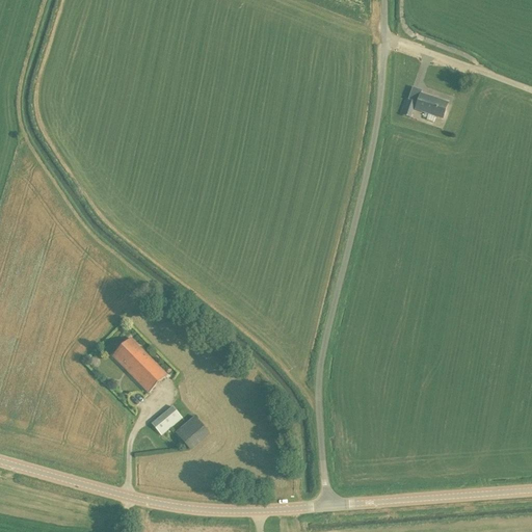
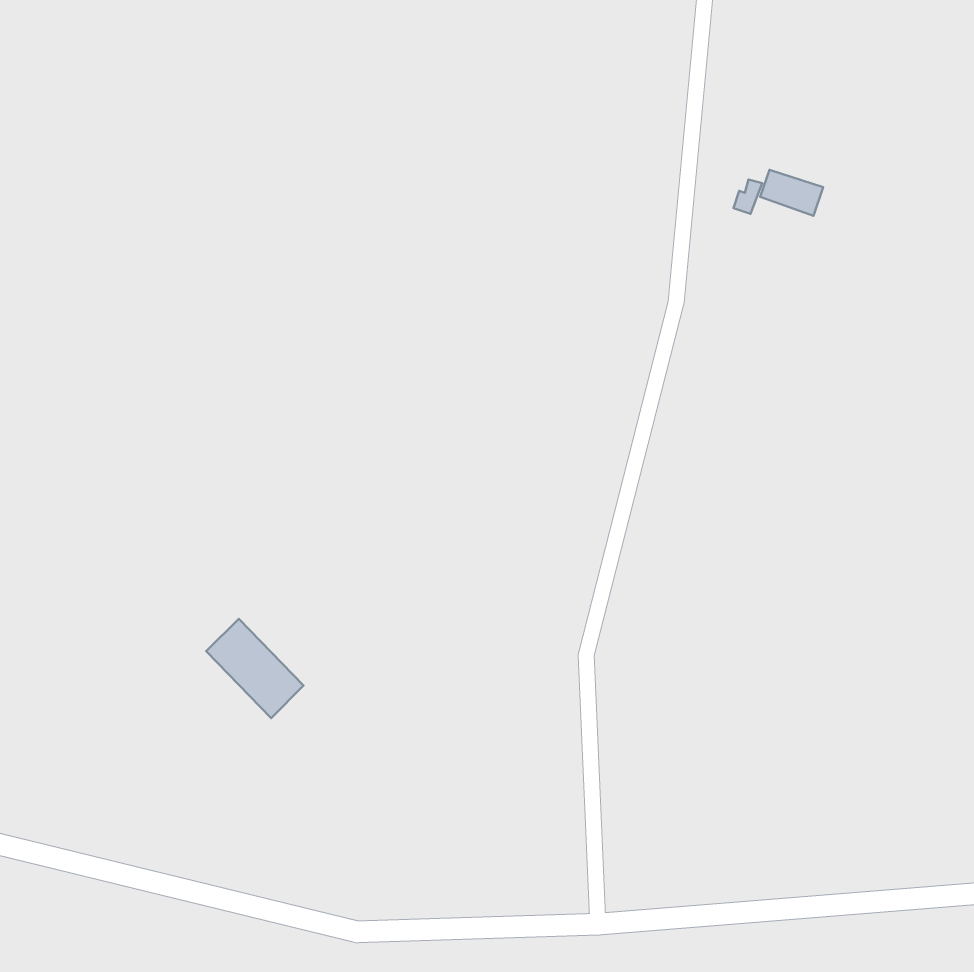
building: [151,405,181,433] -> none
building: [175,415,207,447] -> none

